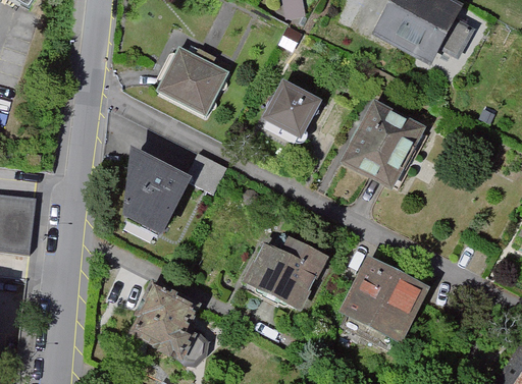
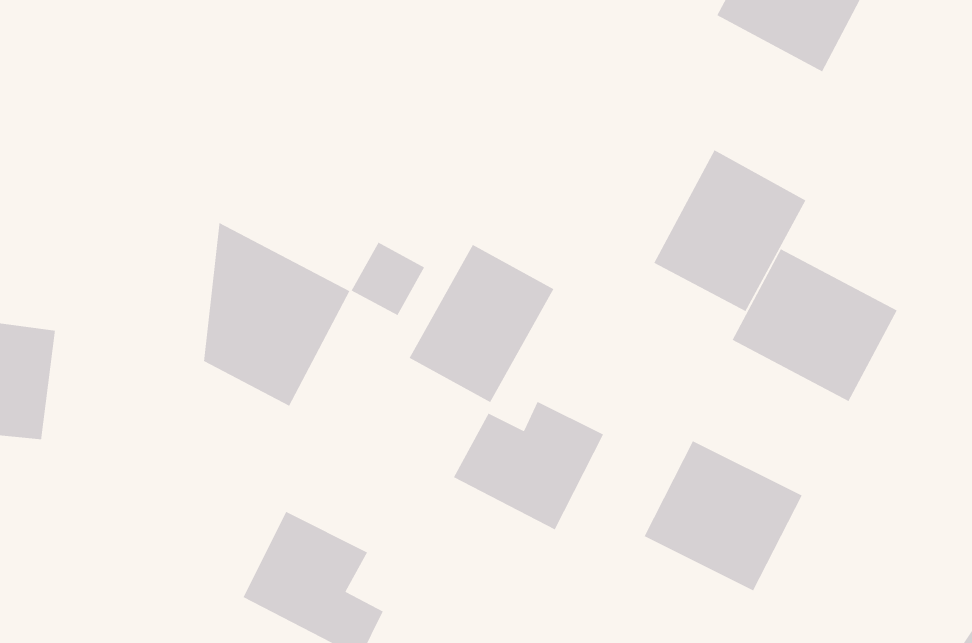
building: [155,45,226,113] -> none
building: [264,80,314,130] -> none
building: none -> [409,244,555,403]
building: none -> [731,248,898,402]

